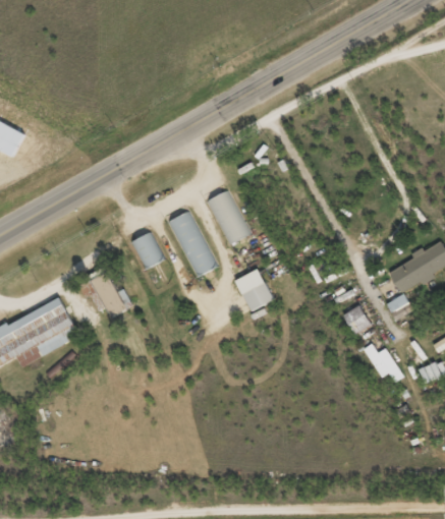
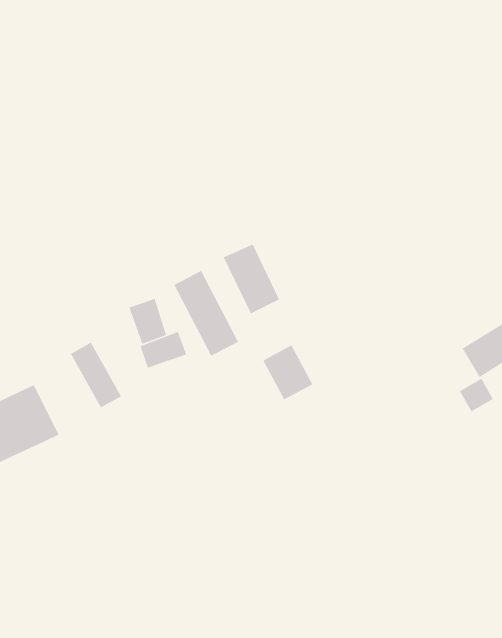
building: none -> [140,331,187,369]
building: [343,304,371,334] -> none
building: [365,343,401,381] -> none

